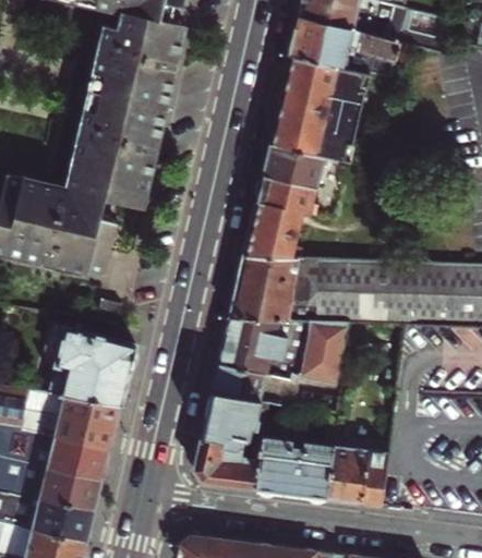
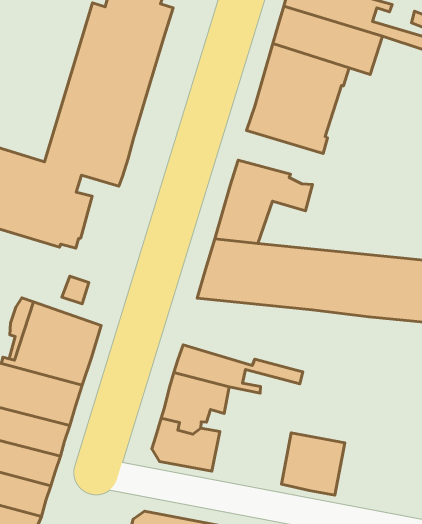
building: [263,144,348,194] -> none
building: [219,316,347,383] -> none
building: [256,438,334,498] -> none

